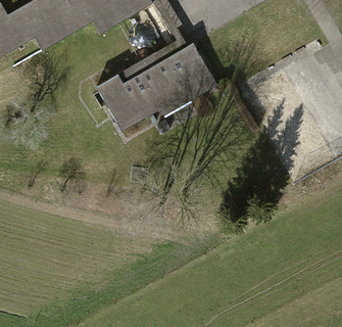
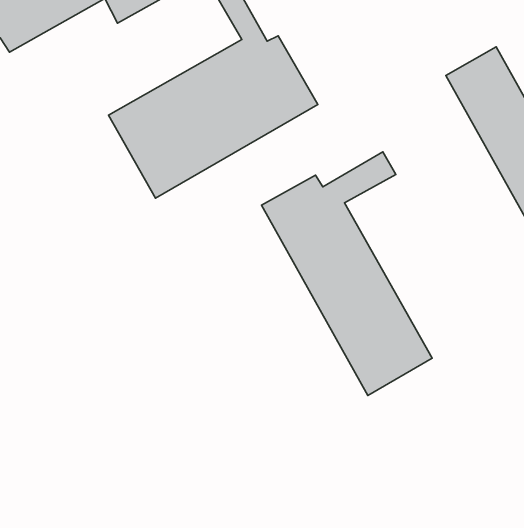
building: none -> [261,152,432,395]

